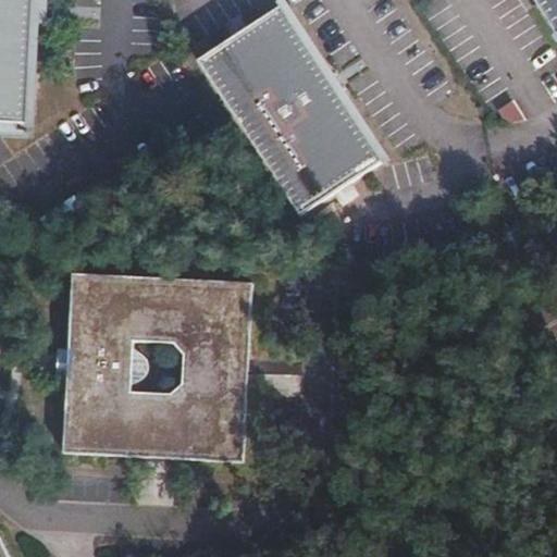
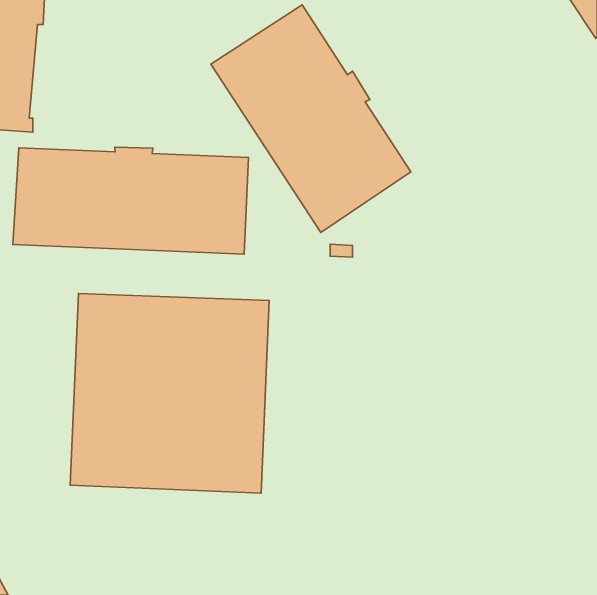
building: none -> [13,147,249,254]

